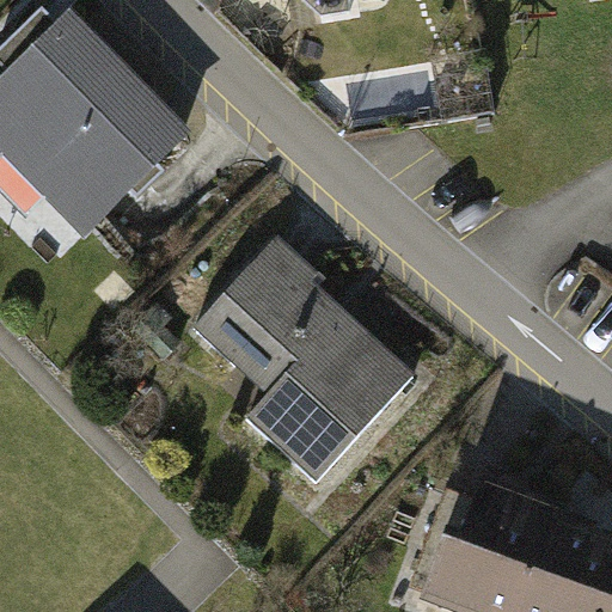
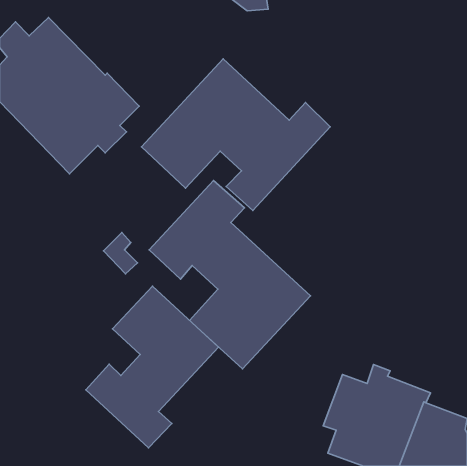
building: none -> [142,59,330,210]
building: none -> [86,286,218,448]

